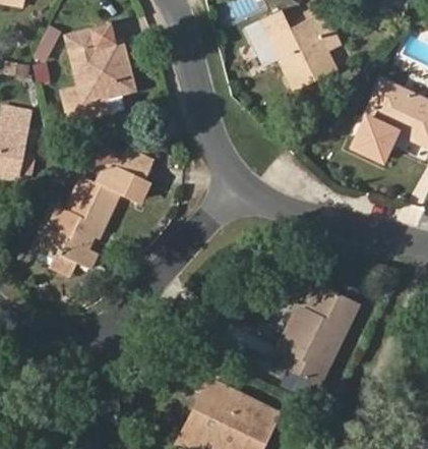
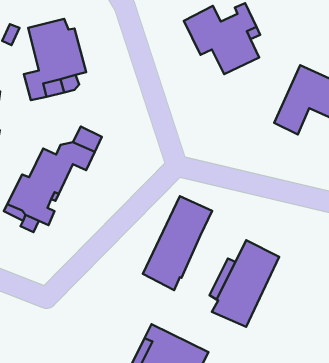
building: none -> [143,196,212,290]

